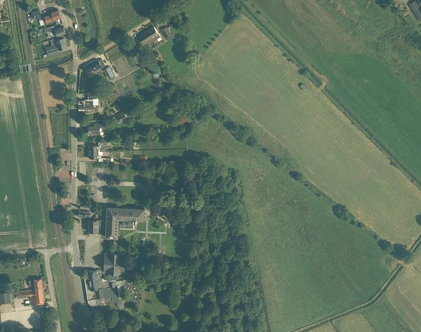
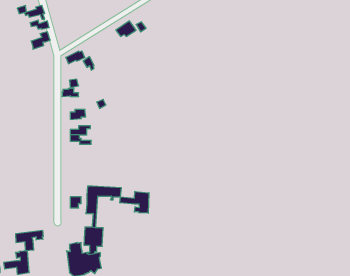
building: none -> [120,191,149,213]
building: none -> [16,230,43,251]

